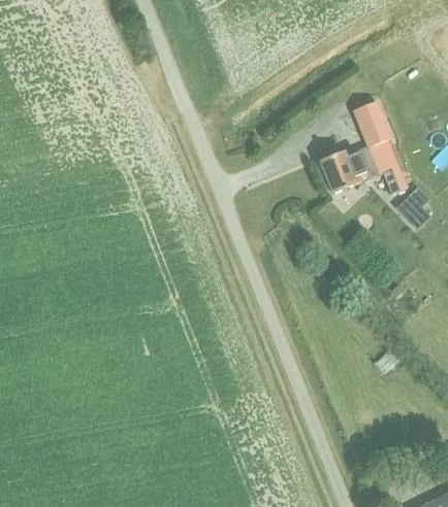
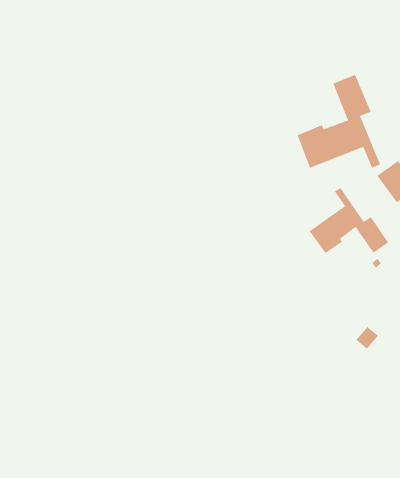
building: none -> [309,187,389,254]

